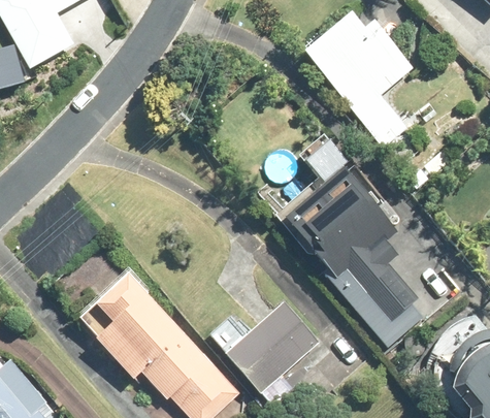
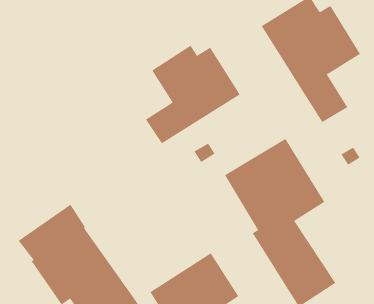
building: none -> [145,45,240,144]

